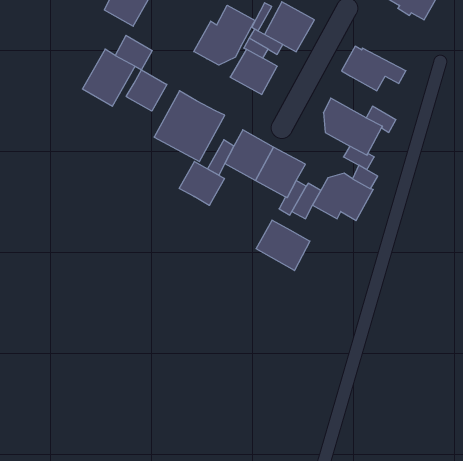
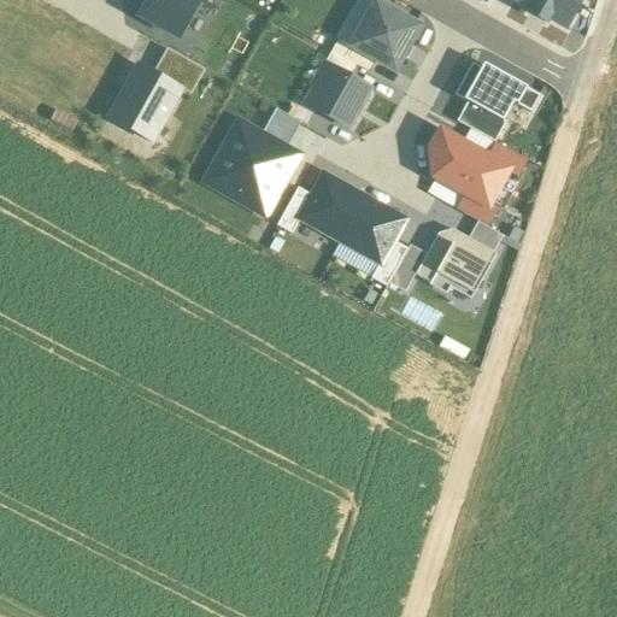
building: [194,5,255,65] -> none
building: [126,70,167,111] -> none
building: none -> [457,101,505,141]
building: none -> [262,107,301,147]
building: [179,161,224,205] -> none
building: [256,220,310,271] -> none

